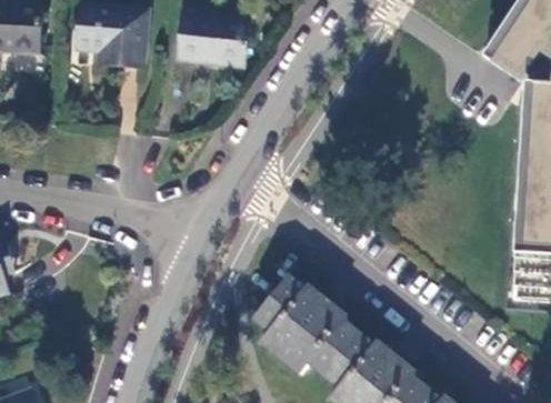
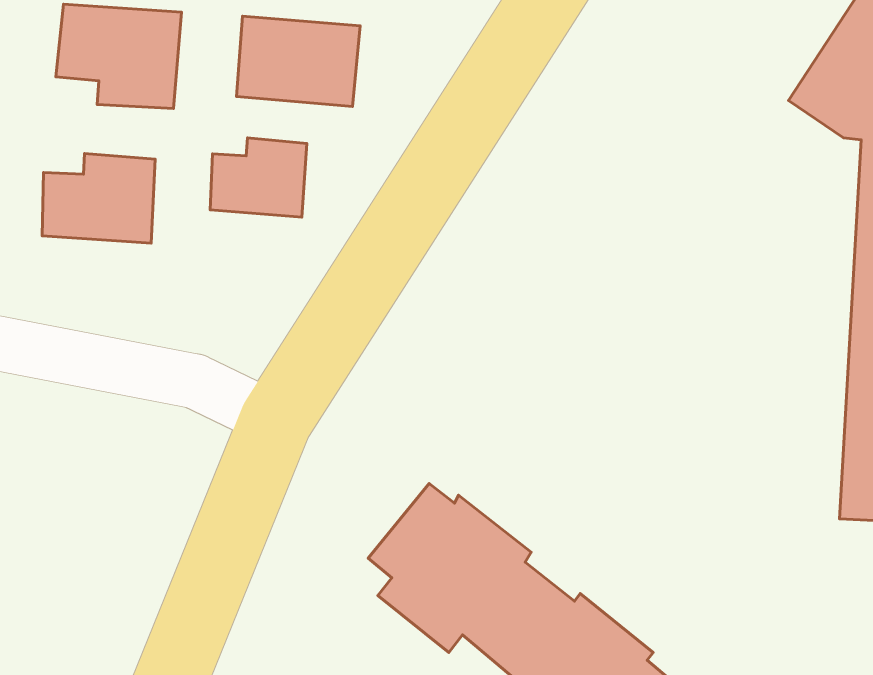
building: none -> [210,138,307,217]
building: none -> [42,154,155,243]

